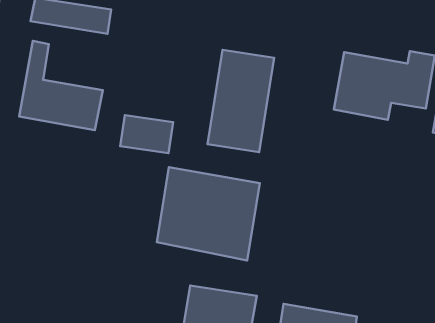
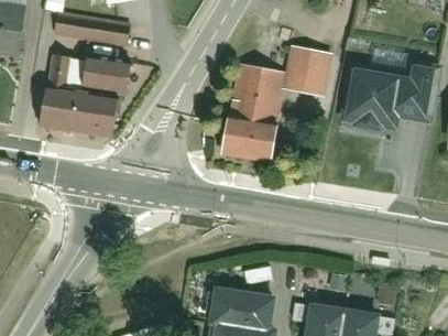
building: none -> [285,45,335,96]
building: [120,115,173,153] -> [87,56,138,93]
building: [157,167,260,260] -> none

